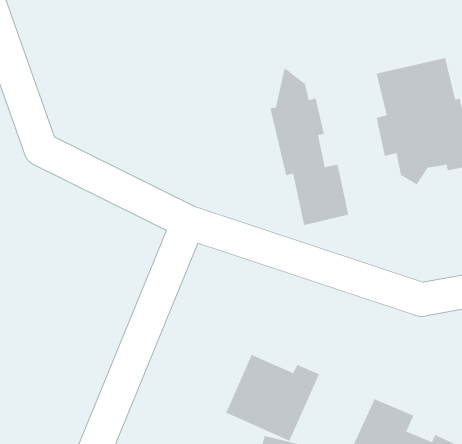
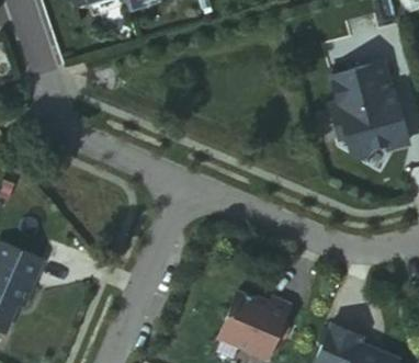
building: [270,67,349,226] -> none

